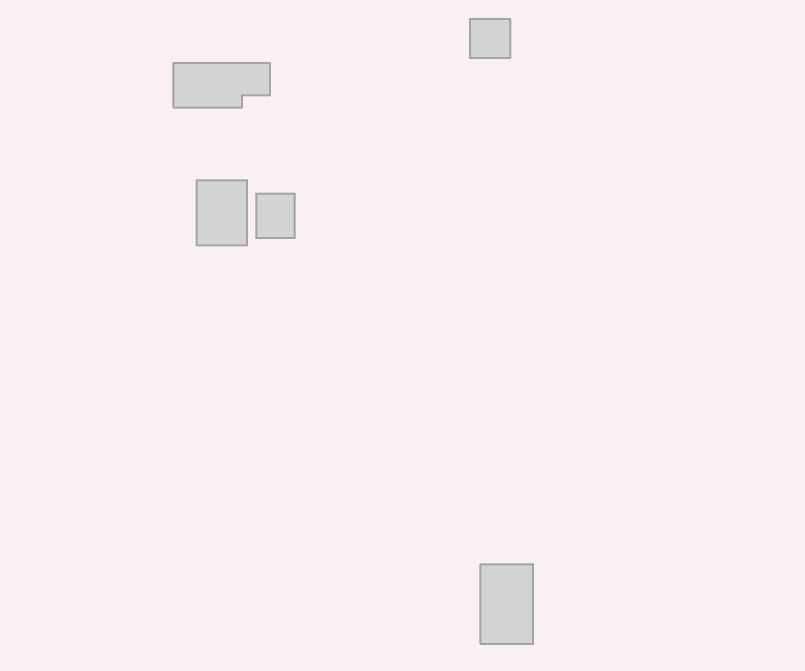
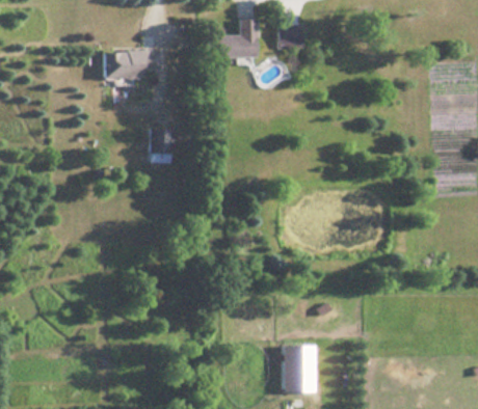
building: none -> [218,19,258,57]
building: [197,180,247,245] -> none

